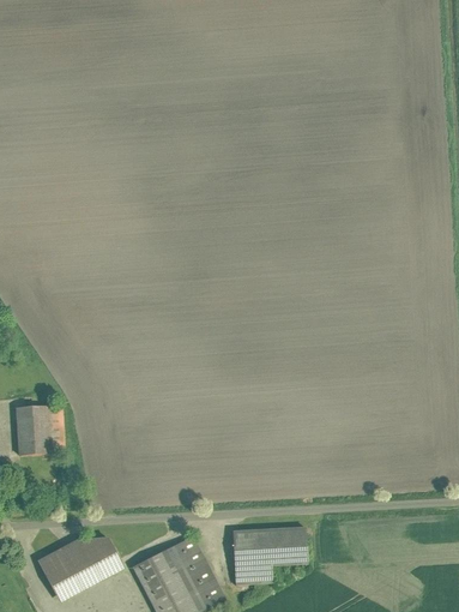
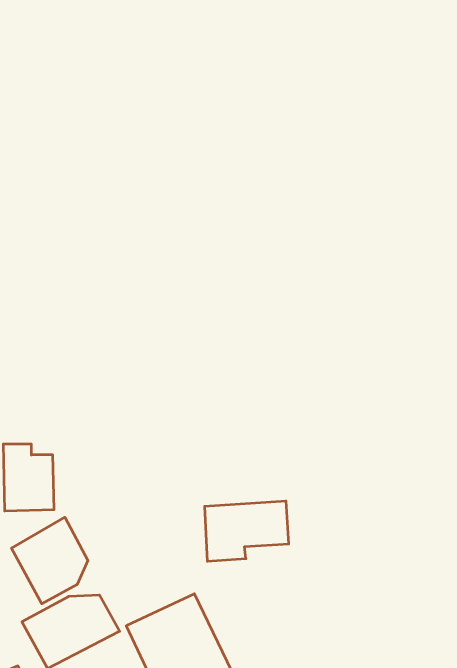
building: none -> [12,517,88,604]
building: [230,526,306,580] -> [205,501,289,561]

